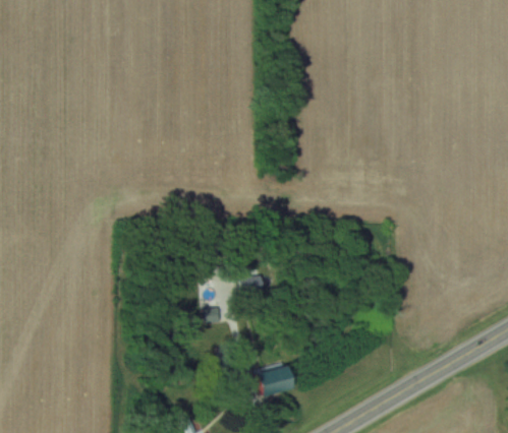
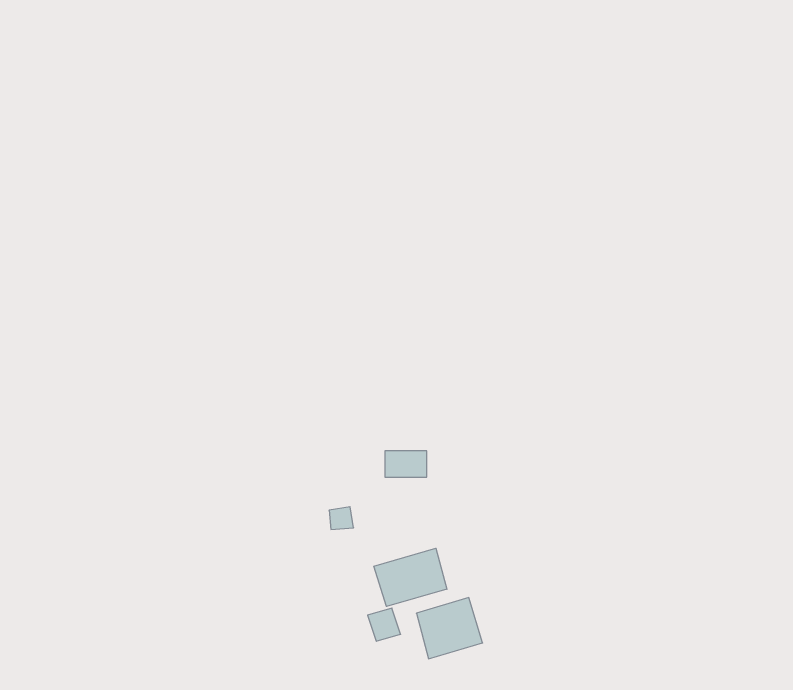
building: none -> [374,548,447,606]

